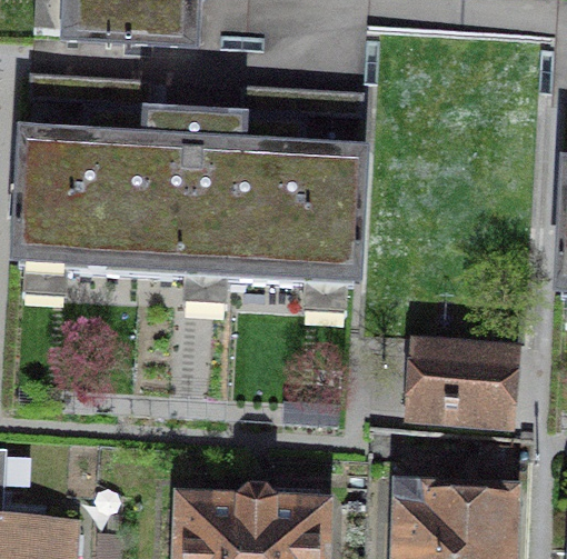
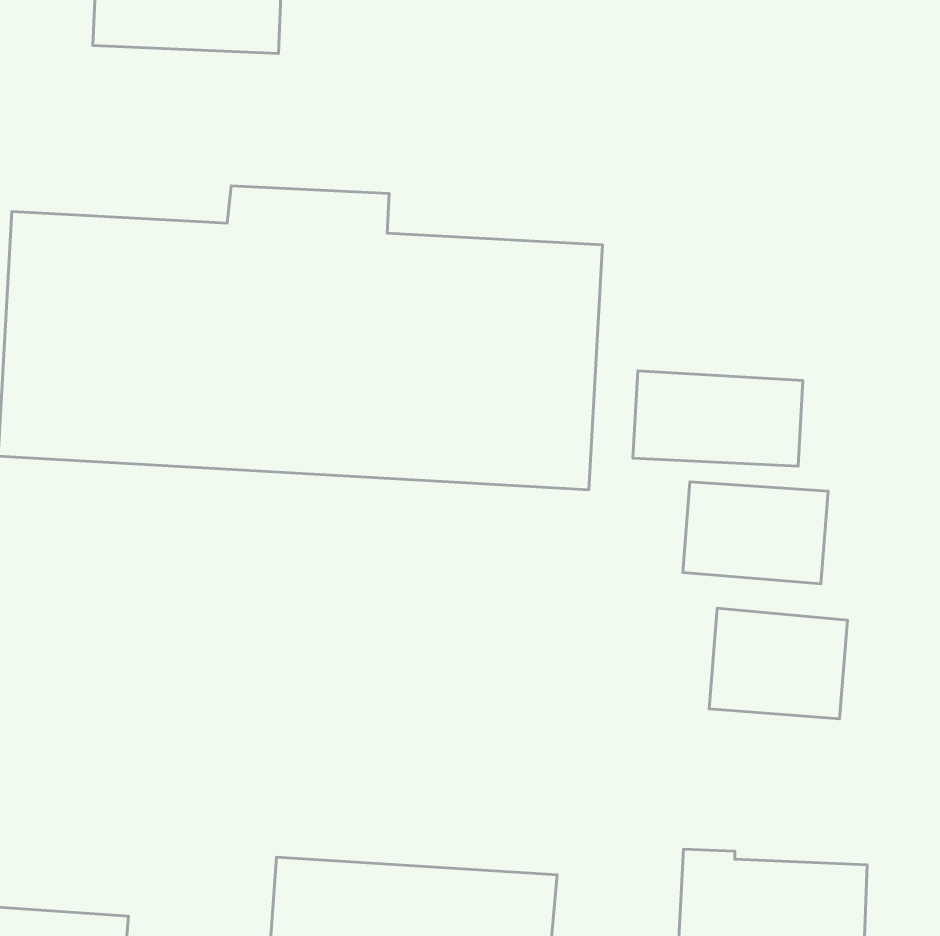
building: none -> [633,371,803,466]
building: none -> [683,482,828,584]

